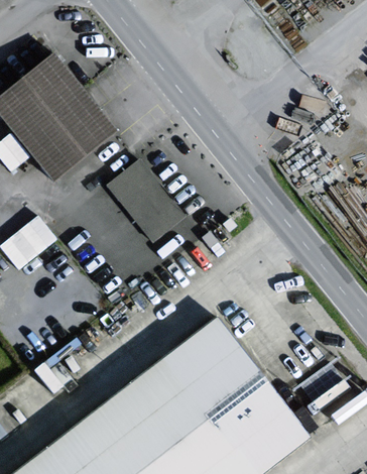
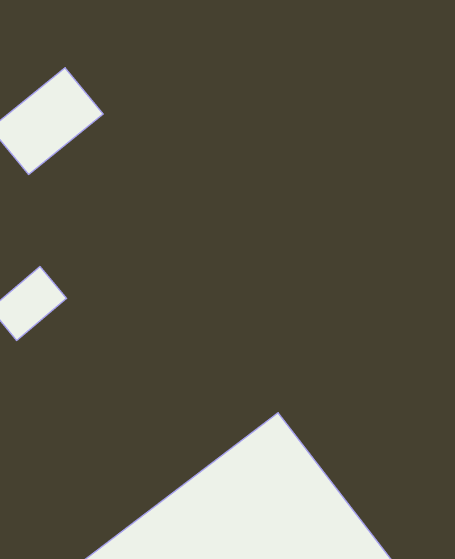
building: [26,93,112,174] -> none
building: [106,157,186,241] -> none

